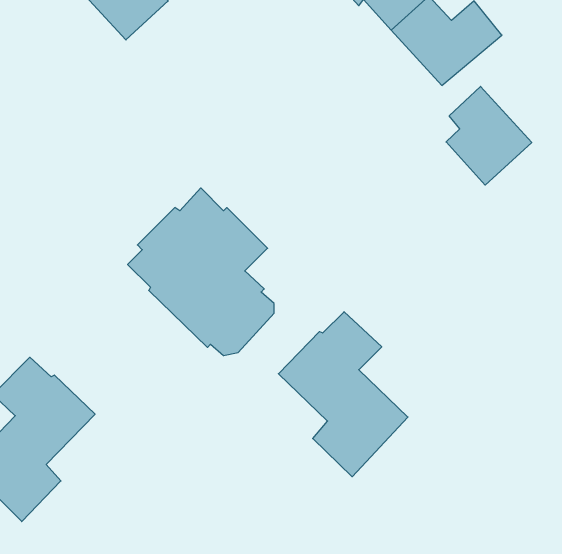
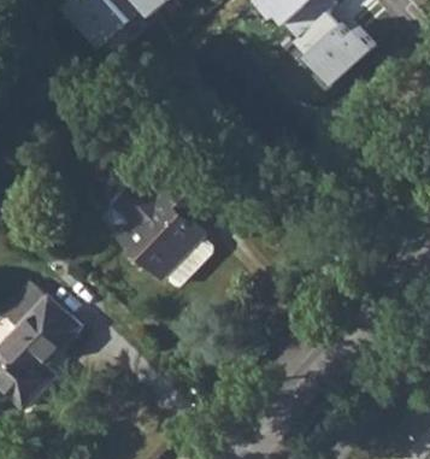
building: [446,86,532,185] -> none
building: [278,312,408,477] -> none

